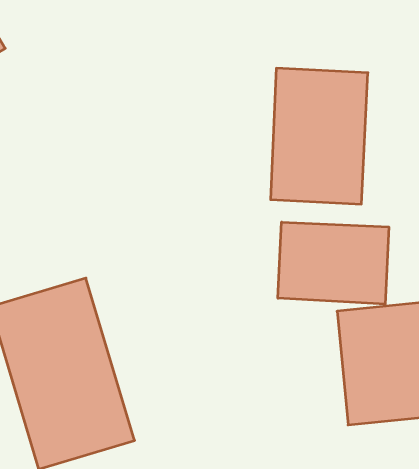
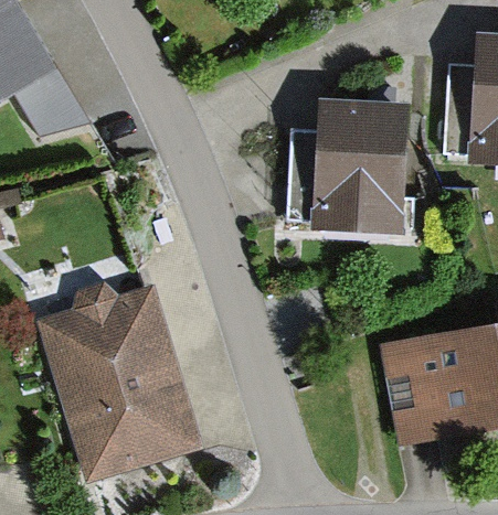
building: [278,222,389,304] -> none

